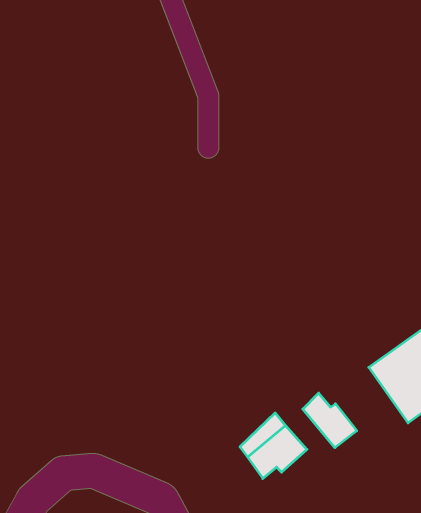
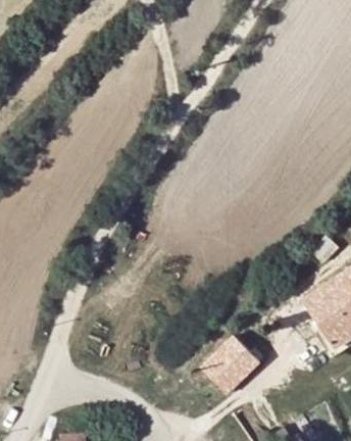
building: [303,393,357,448] -> none

